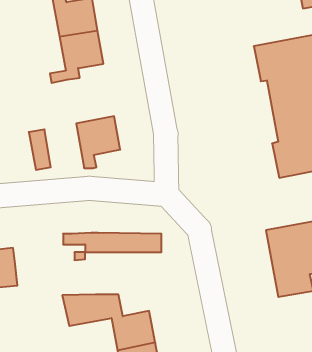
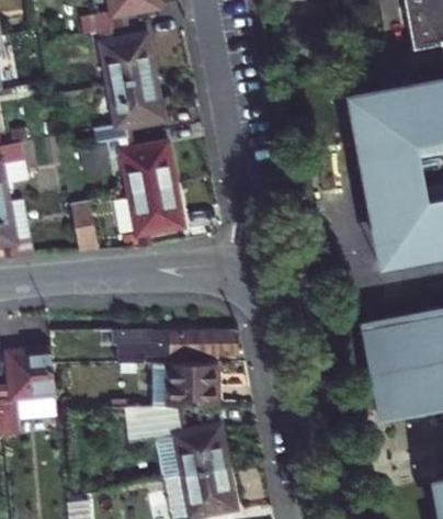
building: none -> [117,136,175,193]
building: none -> [151,362,216,407]

